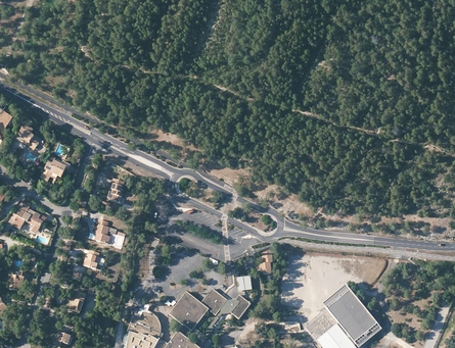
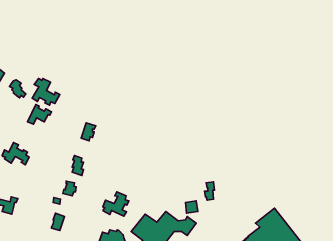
building: none -> [32,78,60,105]
building: none -> [103,192,129,216]

